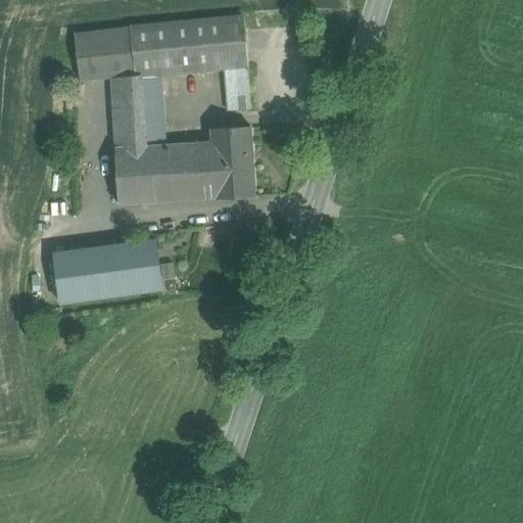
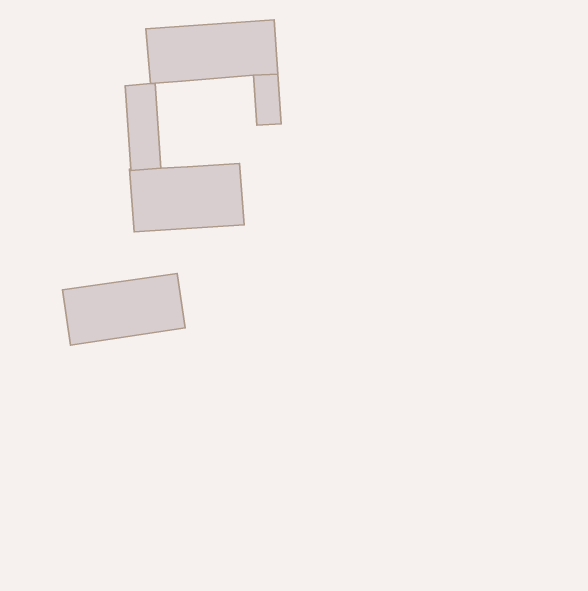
building: [73,26,133,78] -> none
building: [137,72,165,148] -> none
building: [210,127,254,200] -> none

